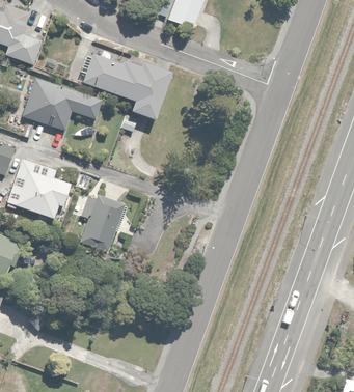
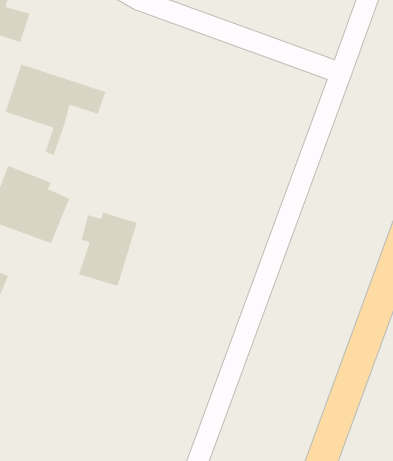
building: [80,54,171,120] -> none

